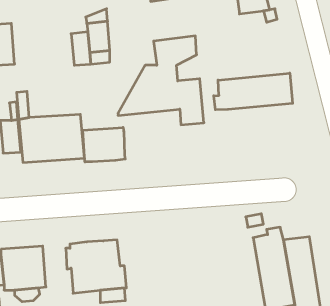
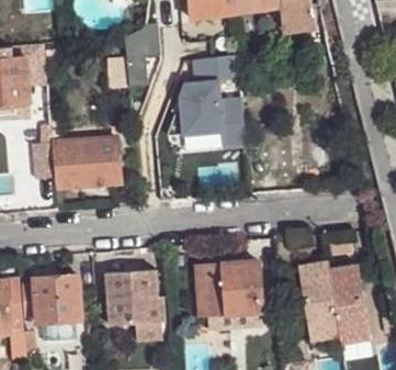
building: [214,73,293,110] -> none
building: [83,127,125,162] -> none
building: none -> [196,261,261,328]

